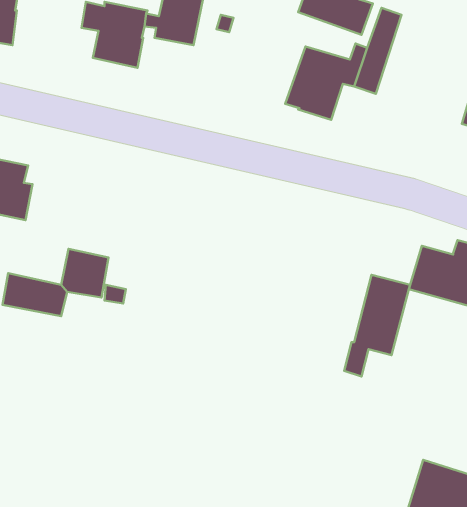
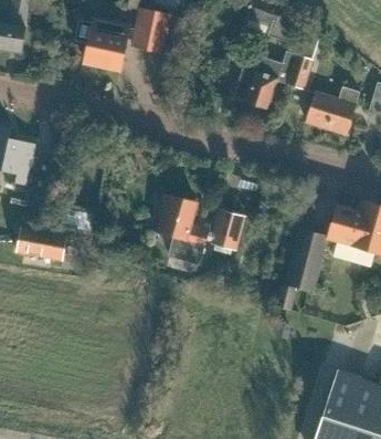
building: none -> [305,87,360,138]
building: none -> [156,194,244,264]

